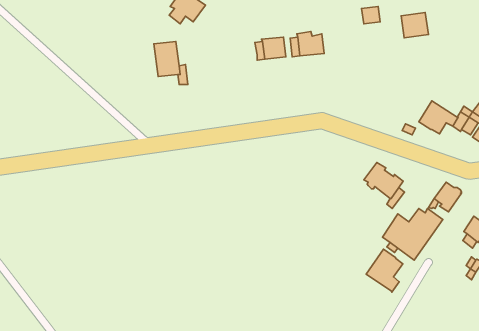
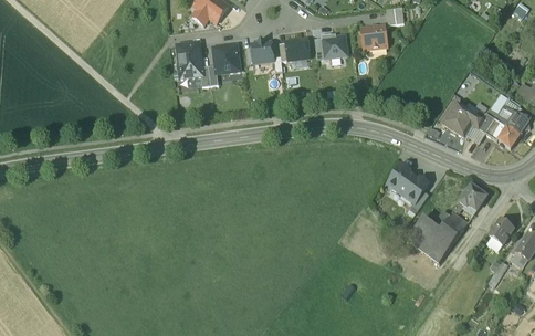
building: [401,12,429,38] -> [360,25,388,51]
building: none -> [250,41,274,64]
building: none -> [211,44,241,77]
building: [366,249,403,292] -> none

